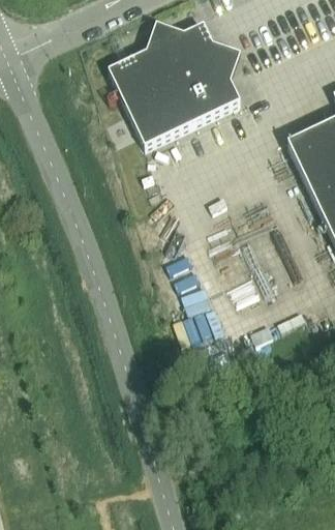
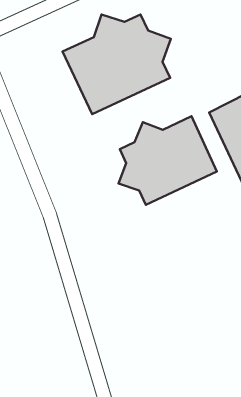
building: none -> [119,116,217,205]

